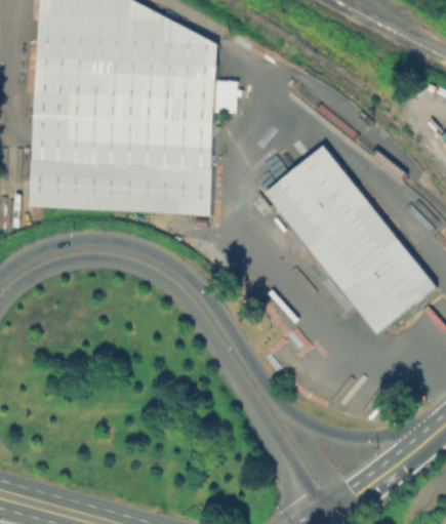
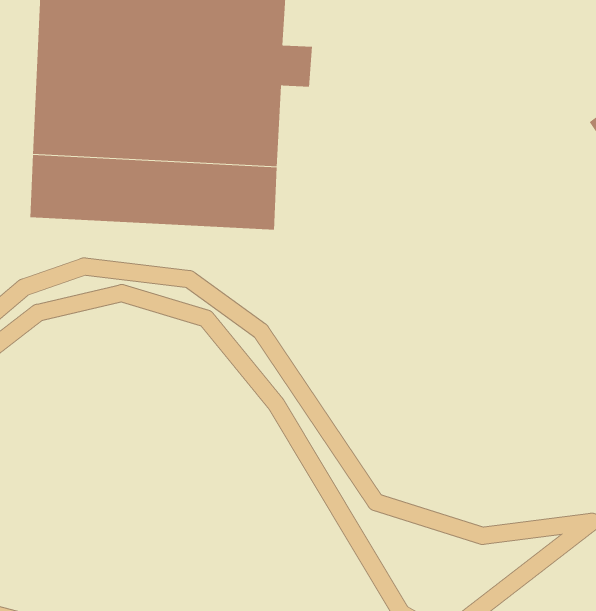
building: [265,145,436,333] -> none

